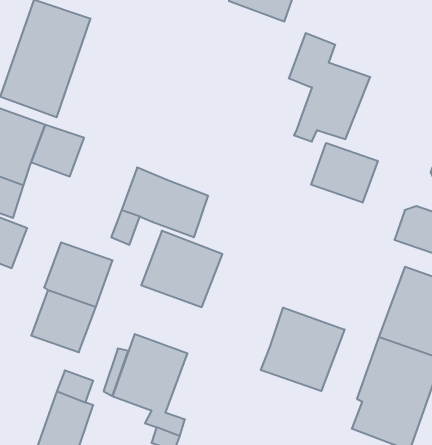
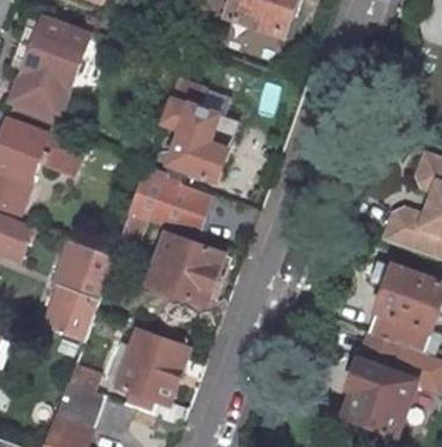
building: [289,33,370,142] -> [159,80,235,181]
building: [311,143,378,203] -> none
building: [261,308,345,391] -> none

